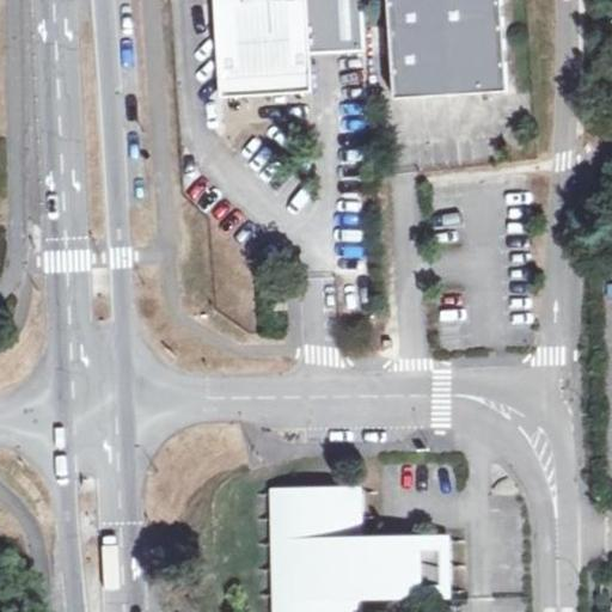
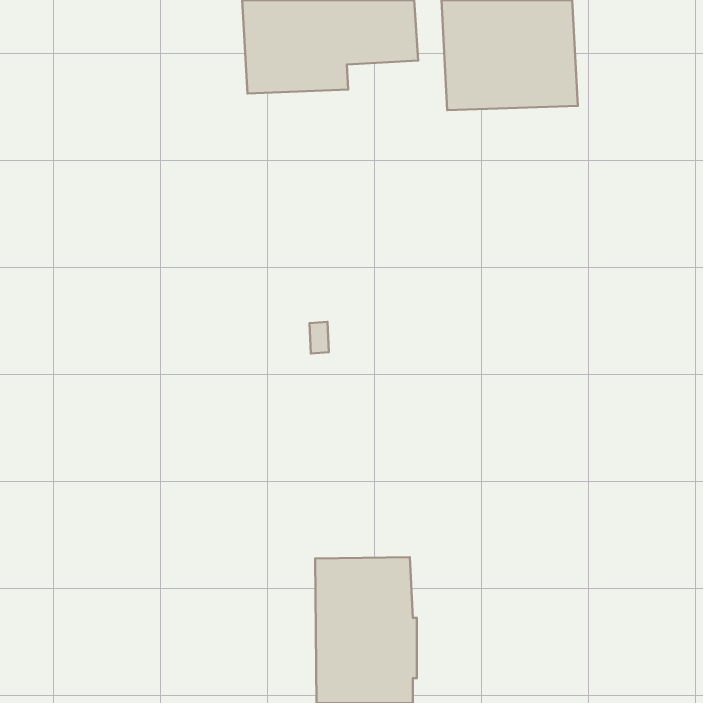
building: [362,537,446,589] -> none

